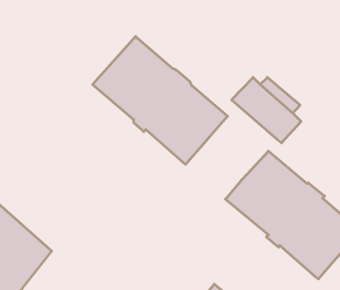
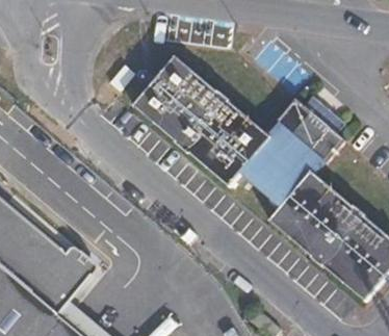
building: none -> [243,126,319,201]

